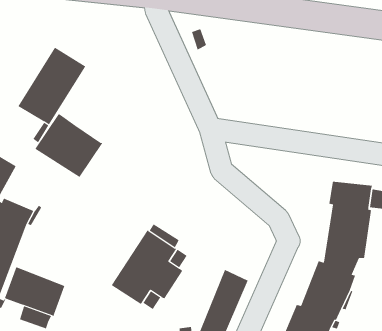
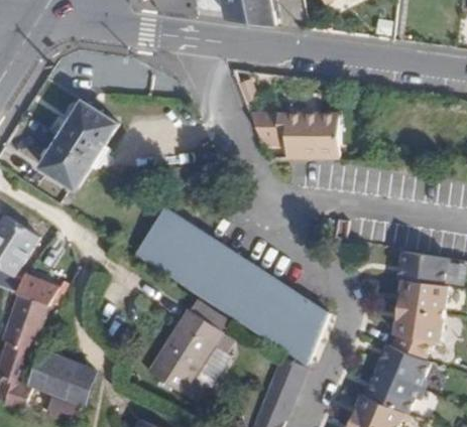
building: none -> [250,113,341,158]
building: [35,113,104,178] -> none
building: none -> [137,206,327,360]

